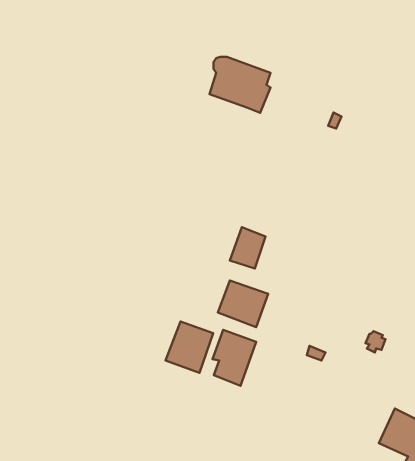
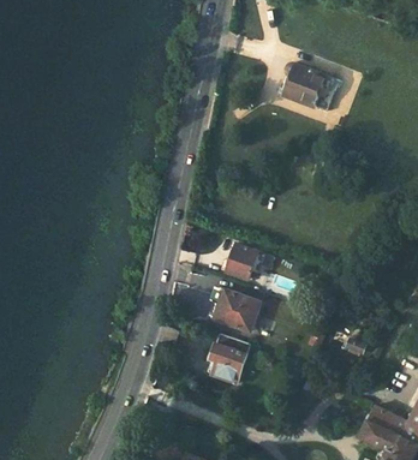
building: [209,57,271,113] -> [281,62,336,113]
building: [166,322,213,373] -> none

